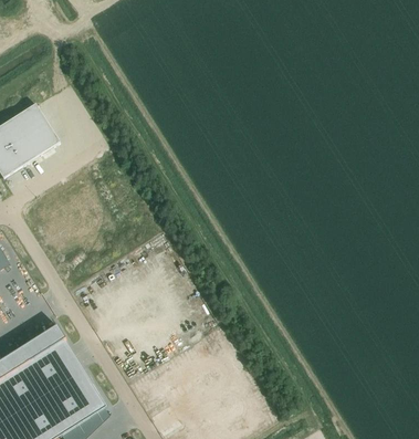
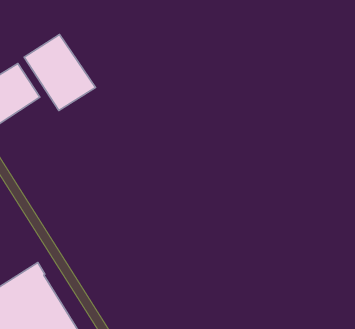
building: none -> [24,34,95,111]

